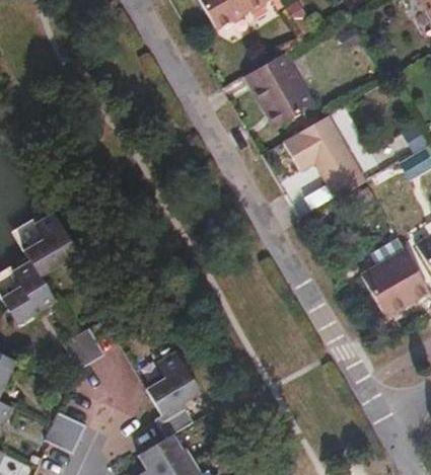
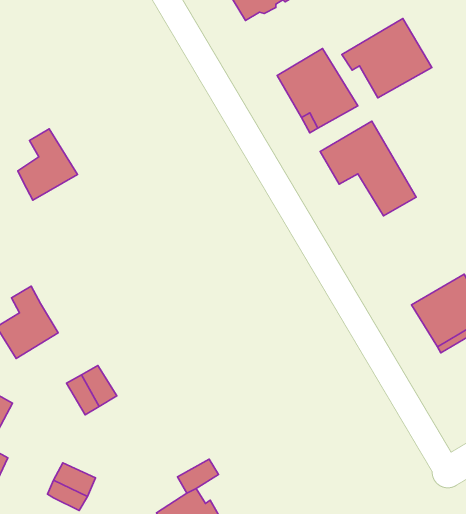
building: none -> [342,18,432,98]
building: [26,212,78,273] -> [18,129,77,200]
building: [147,350,203,414] -> none

